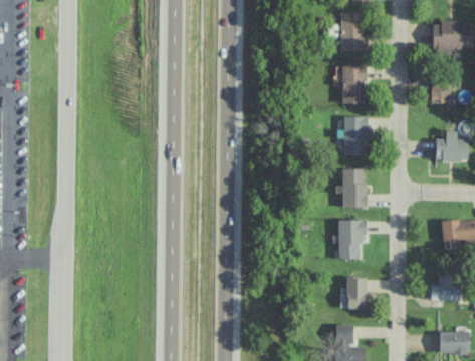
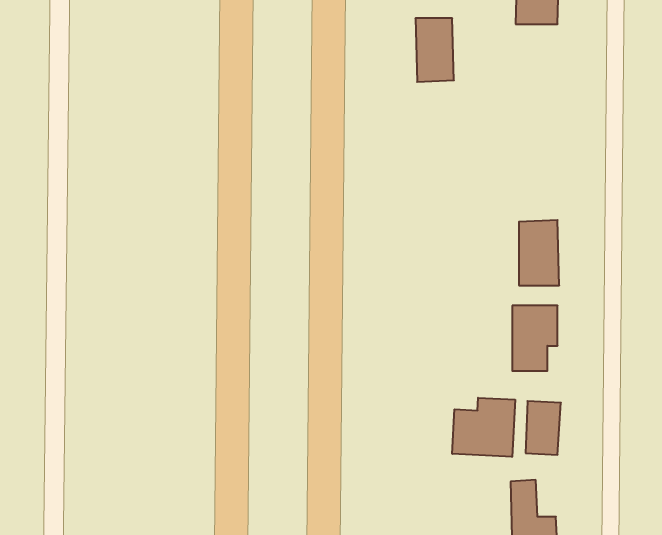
building: [341,66,365,104] -> [415,18,454,82]
building: [343,117,367,156] -> none
building: none -> [452,398,515,457]

